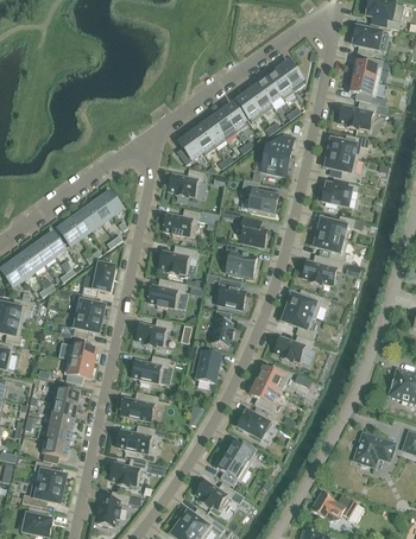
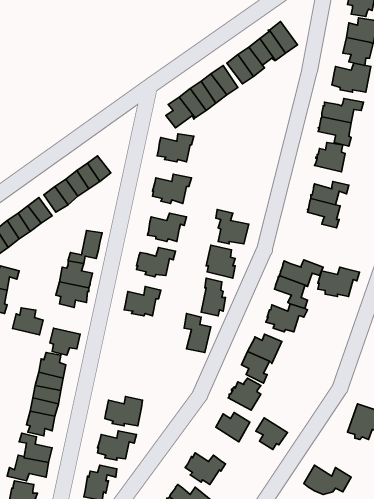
building: [261,137,291,175] -> none
building: [241,179,277,215] -> none
building: [239,217,266,246] -> none
building: [302,256,342,285] -> [318,267,359,297]
building: [67,338,96,364] -> [13,308,43,335]
building: [131,355,169,383] -> none
building: [120,393,157,421] -> none
building: [216,455,247,486] -> [256,418,287,450]

